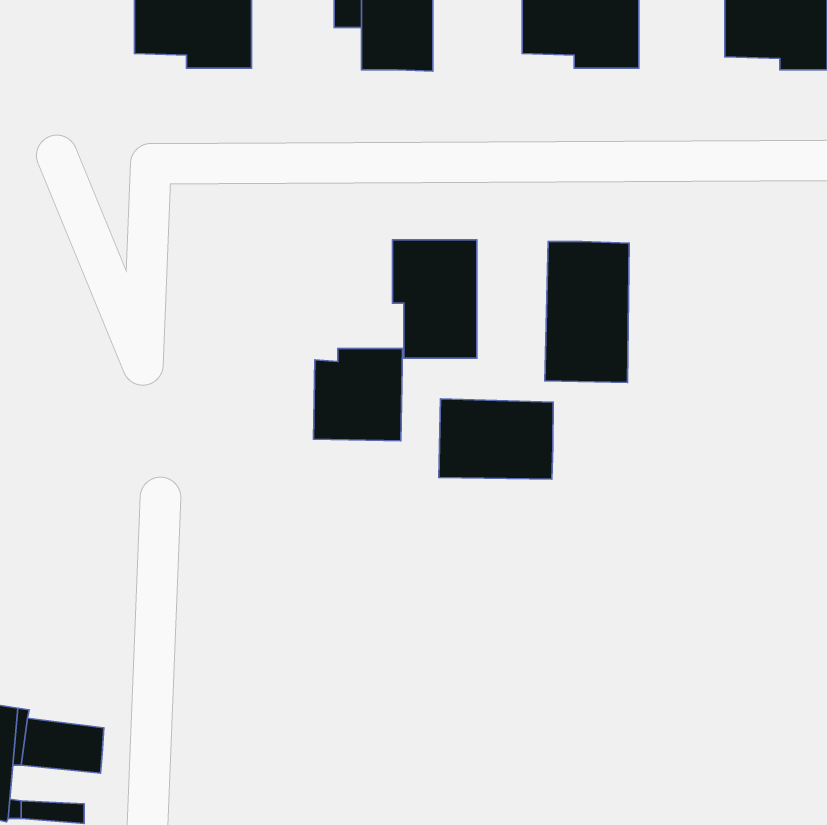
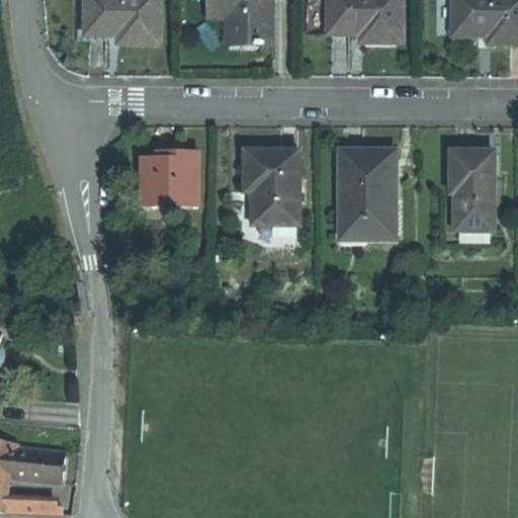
building: none -> [452,152,493,231]
building: [313,348,403,441] -> [141,150,196,207]
building: [439,399,553,479] -> none

